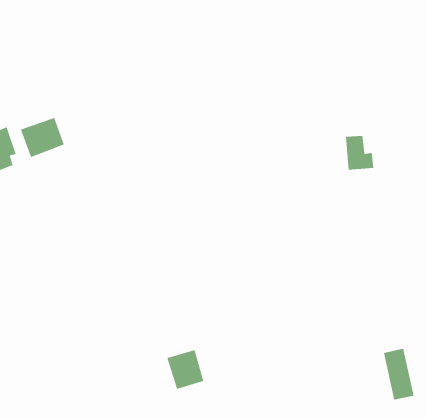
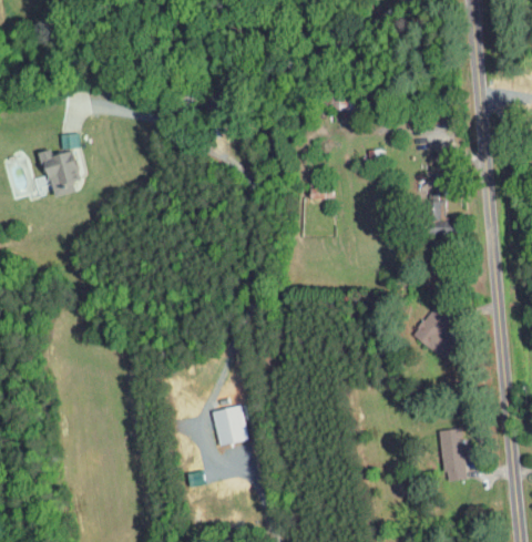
building: [20,117,64,158] -> none
building: none -> [412,307,454,357]

